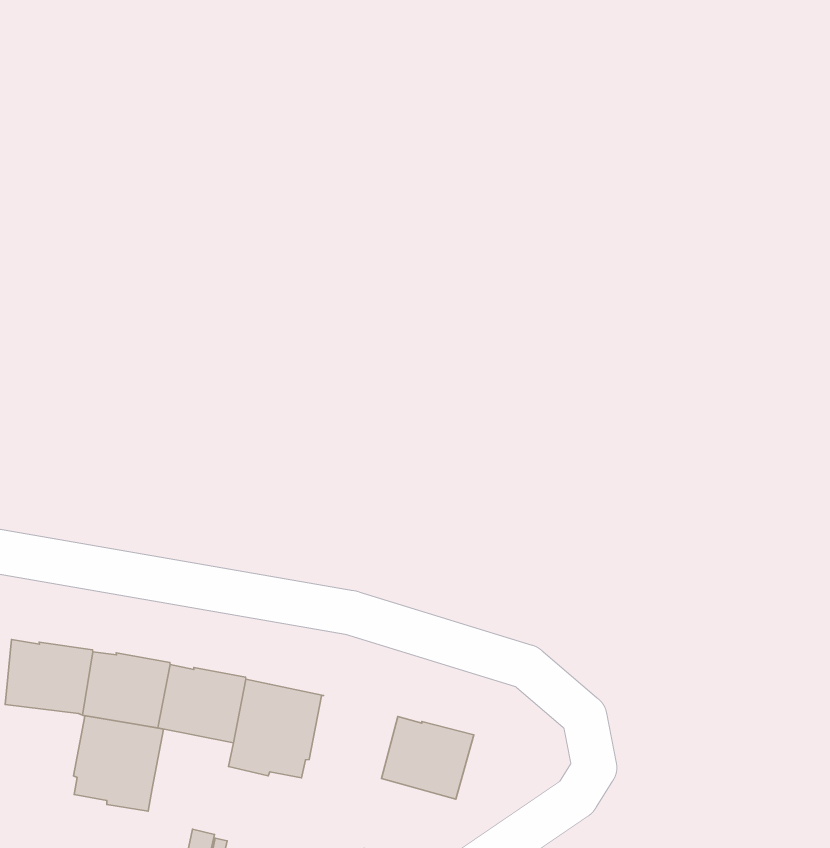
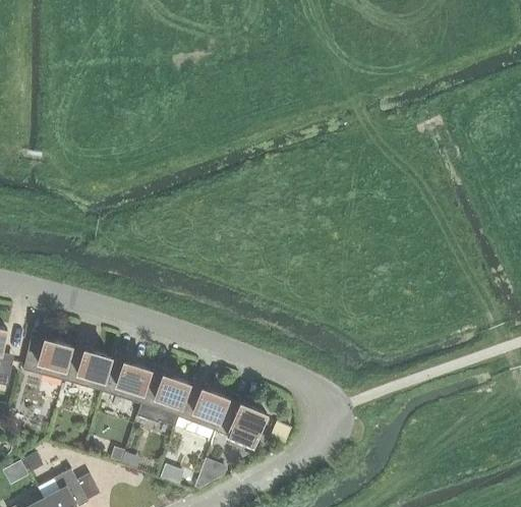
building: none -> [179,384,228,431]
building: [74,715,163,811] -> none

